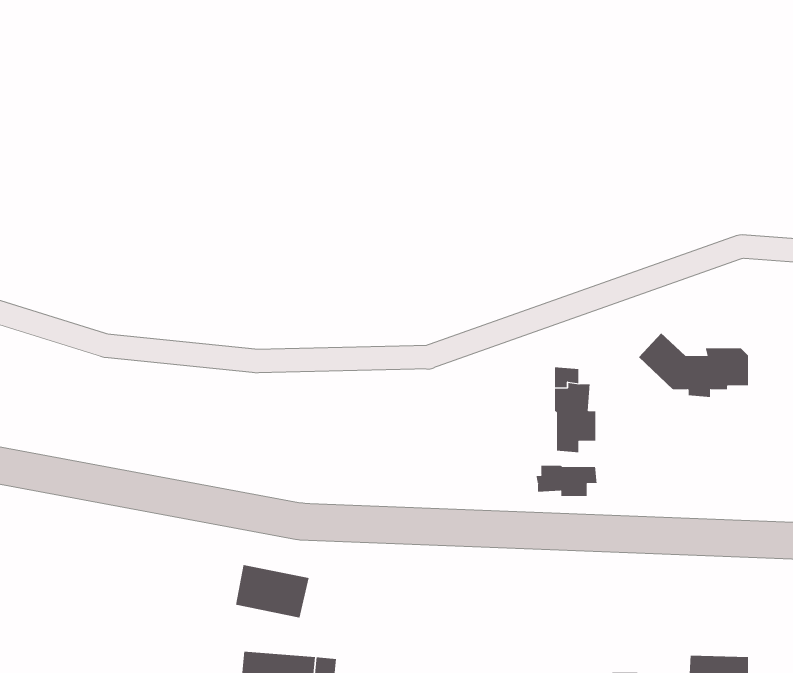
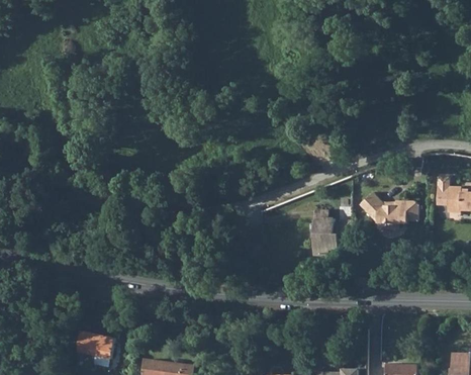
building: [536,465,597,497] -> none
building: [235,565,310,618] -> [77,331,116,359]

